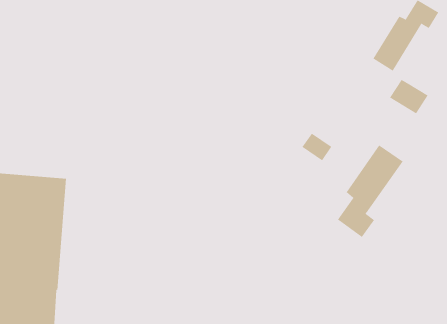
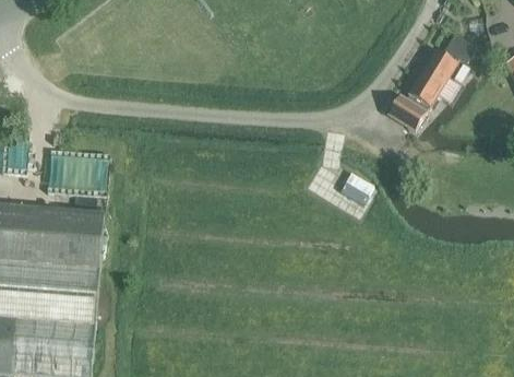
building: [389,79,428,114] -> [387,95,427,130]
building: [337,145,404,238] -> none

